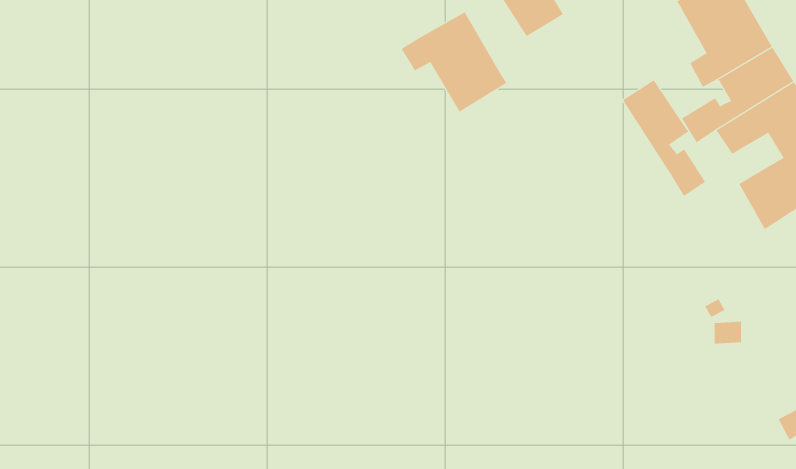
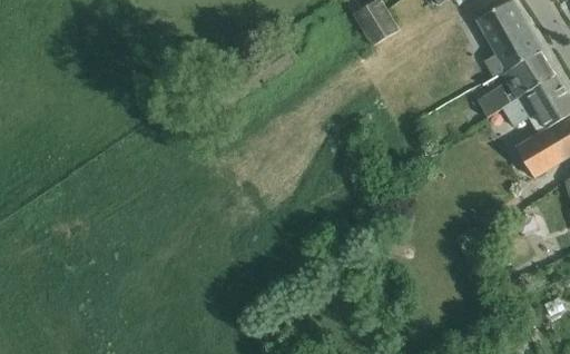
building: [401,11,507,112] -> none
building: [622,79,706,197] -> none

